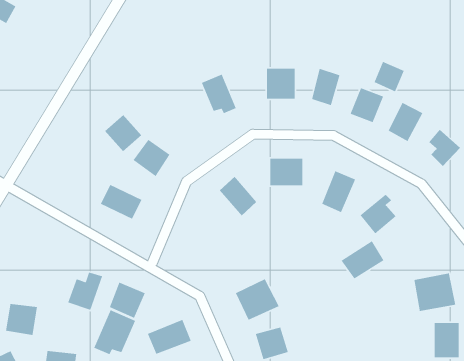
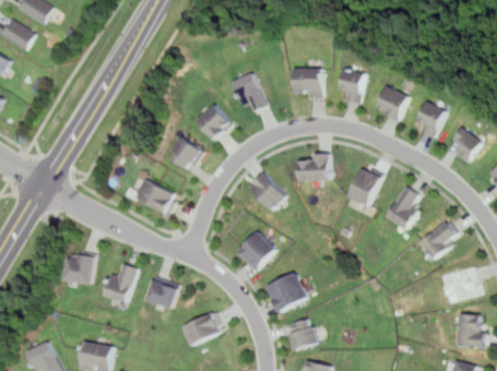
building: [373,61,405,93] -> none
building: [104,114,142,152] -> [193,104,230,141]
building: none -> [234,229,276,272]
building: [341,240,384,280] -> [418,222,461,260]
building: [5,303,38,336] -> [62,253,94,285]
building: [93,309,136,355] -> none

